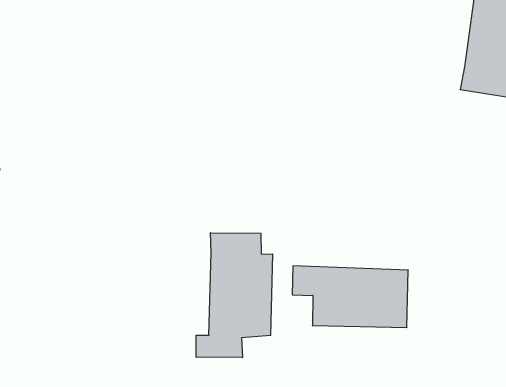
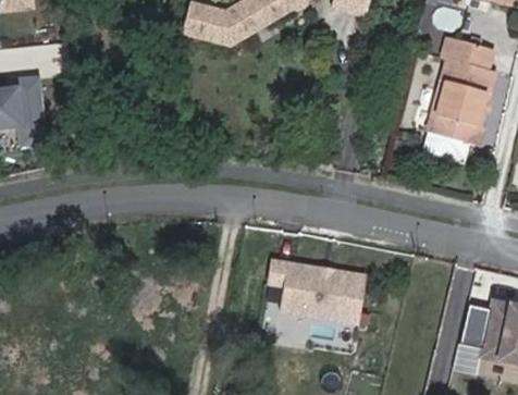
building: [196,233,273,358] -> none

